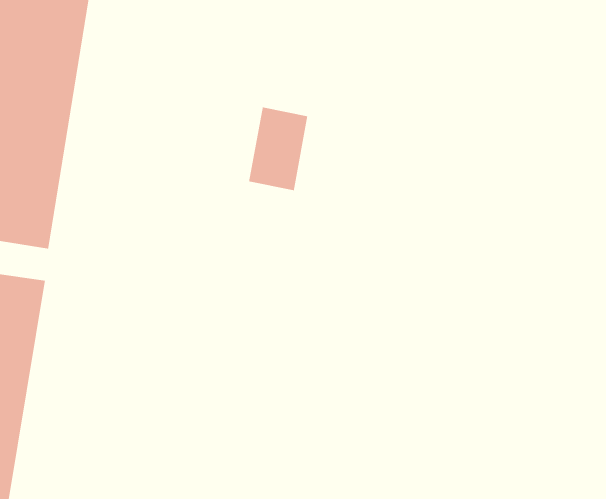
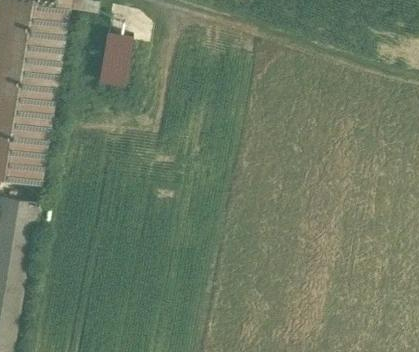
building: [248,106,308,191] -> [102,29,141,84]

